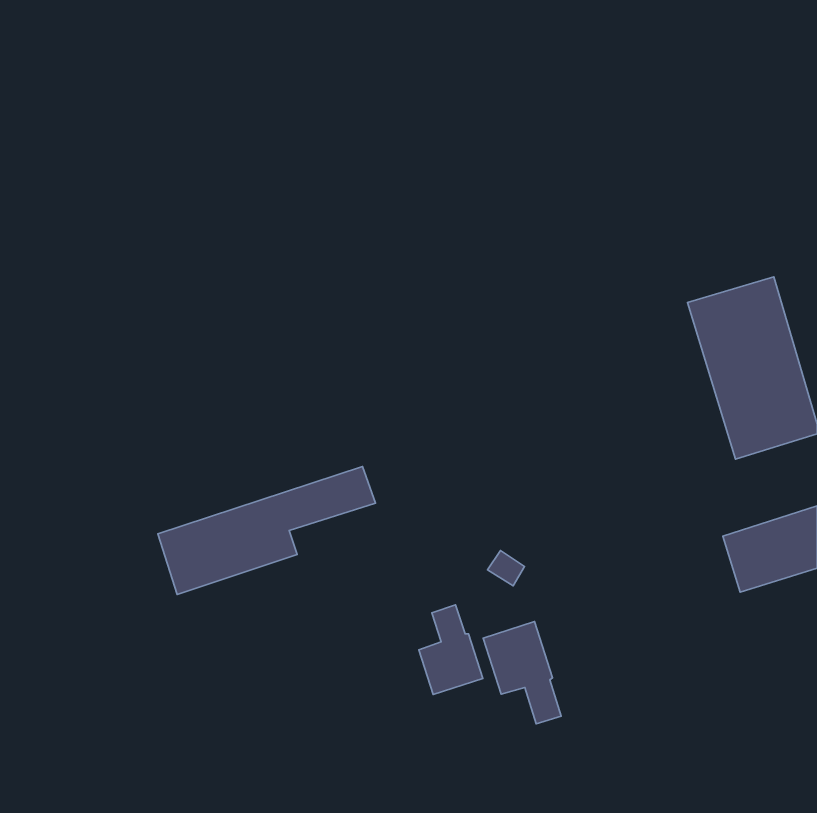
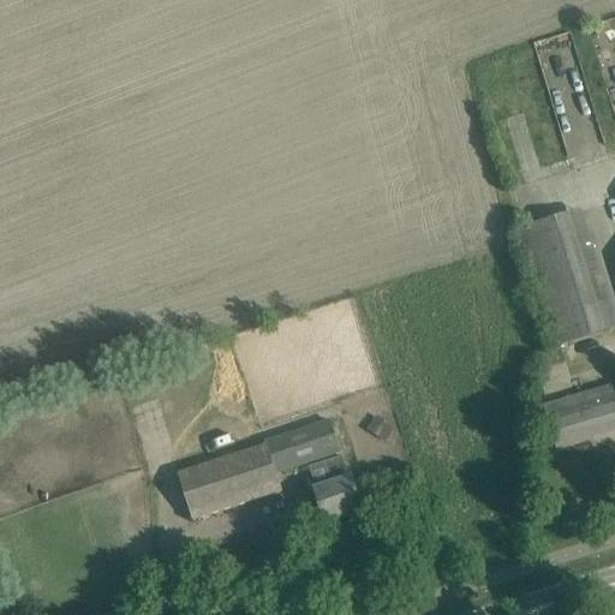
building: [158,466,375,595] -> [178,422,341,518]
building: [483,622,561,724] -> none

